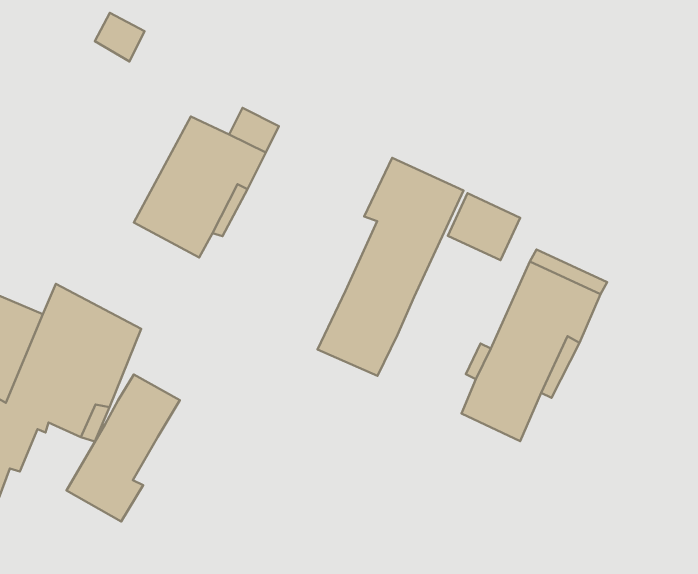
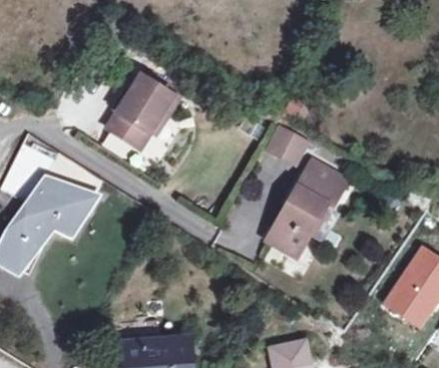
building: [317,158,464,376] -> none
building: [66,375,180,522] -> none

